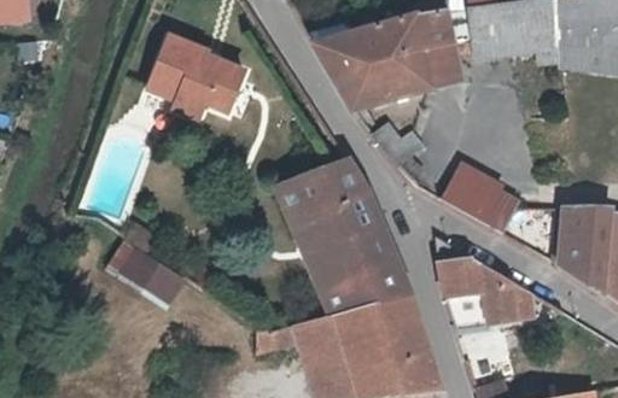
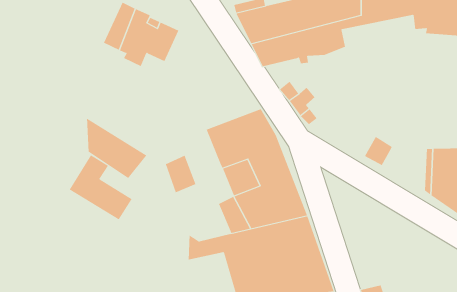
building: none -> [86,117,147,179]
building: [437,172,494,221] -> none
building: none -> [165,155,196,193]
building: [438,240,532,330] -> none

